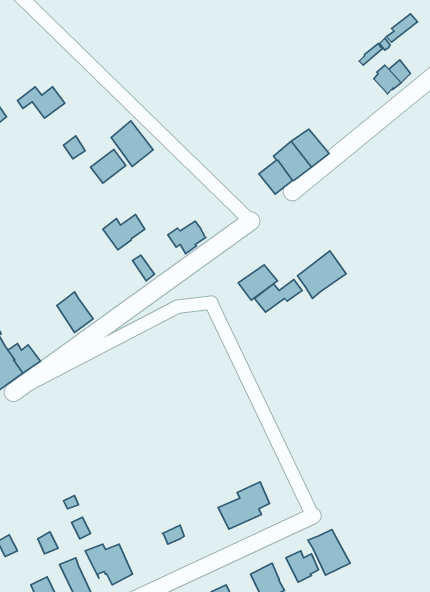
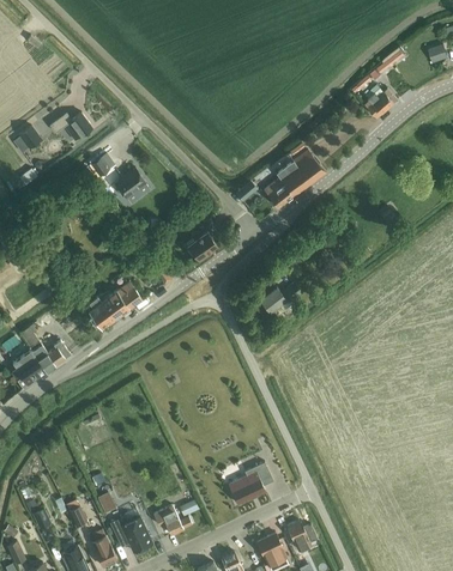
building: [111,121,153,166] -> none
building: [103,214,145,250] -> [103,286,140,317]
building: [298,251,346,298] -> none
building: [238,265,277,300] -> none
building: [308,530,350,575] -> none
building: none -> [152,504,191,534]

